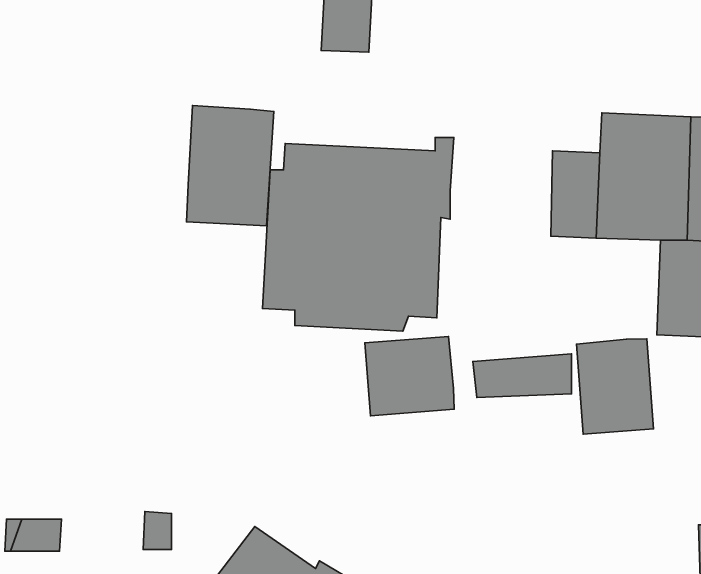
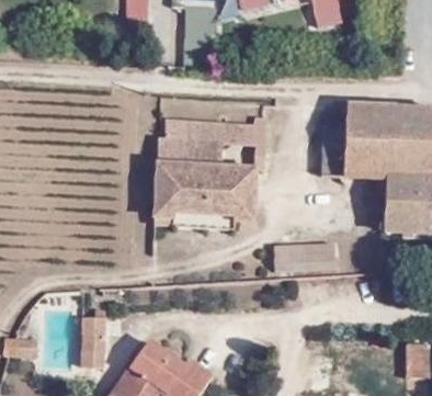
building: [187,106,274,226] -> none
building: [365,336,454,416] -> none
building: [576,339,654,434] -> none

